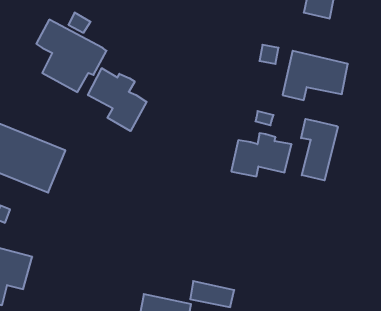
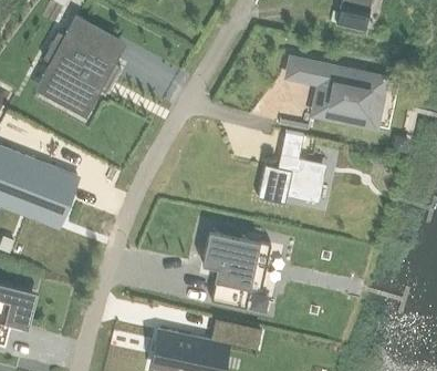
building: [88,68,147,131] -> none
building: [301,119,338,180] -> none
building: none -> [201,231,270,309]

